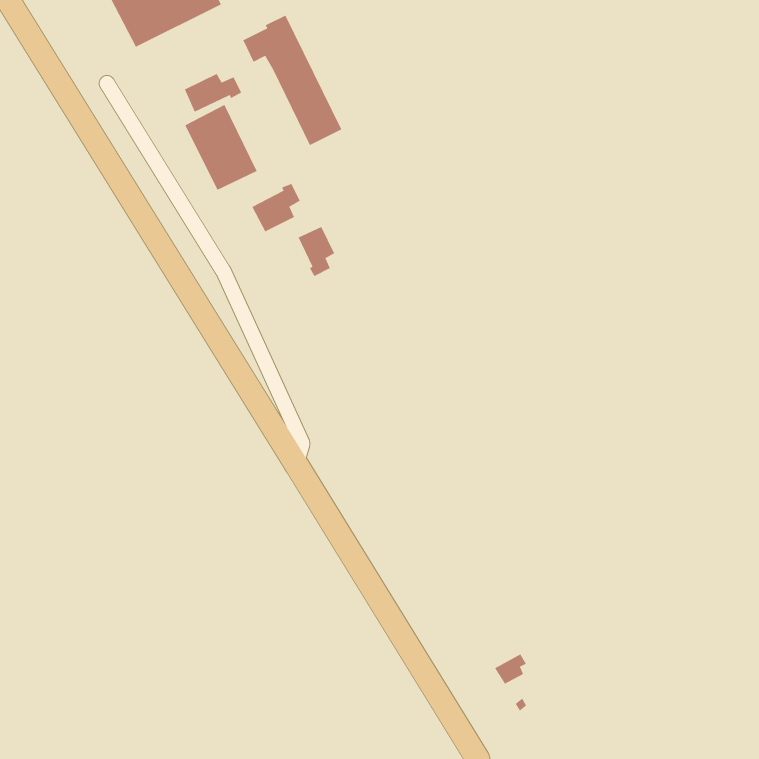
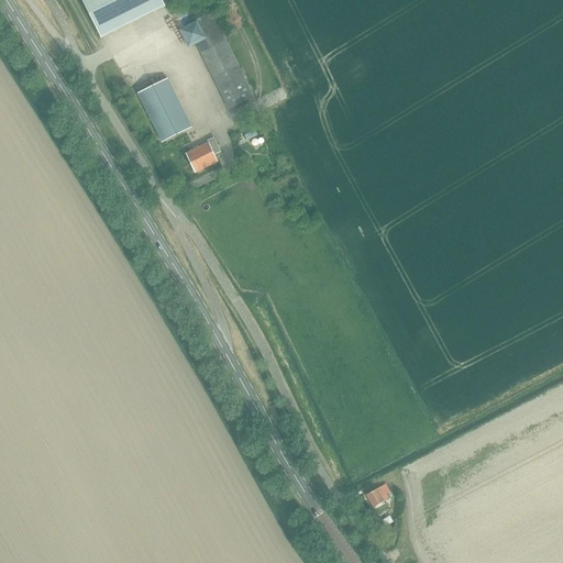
building: [184,73,242,112] -> none
building: [298,226,335,277] -> none

